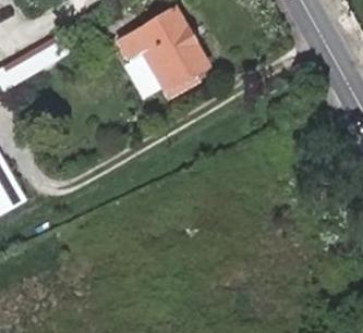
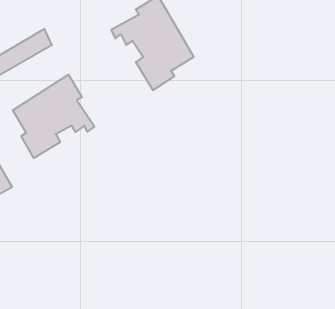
building: none -> [13,75,94,158]

